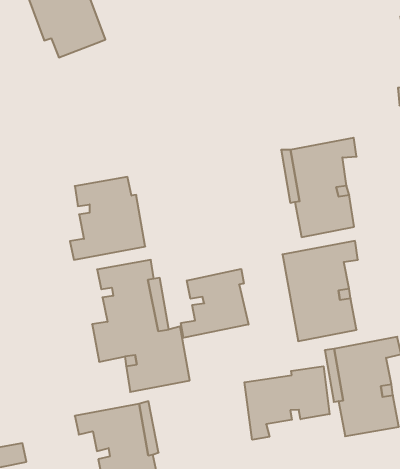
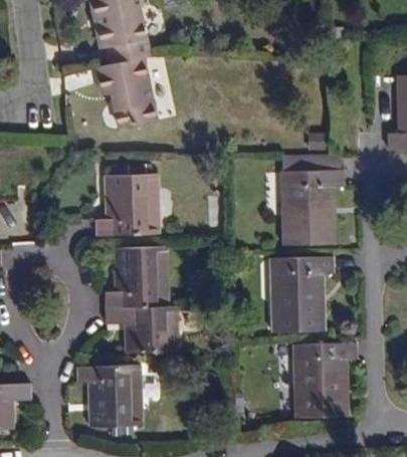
building: none -> [97,58,157,129]
building: [181,269,248,338] -> none
building: [244,366,330,440] -> none

